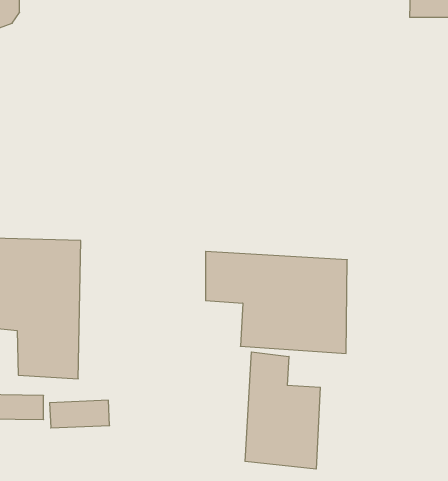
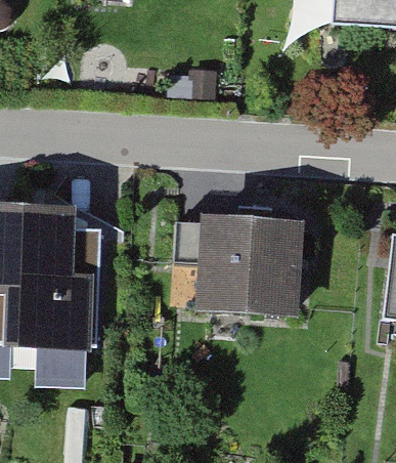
building: [245,352,320,469] -> none

